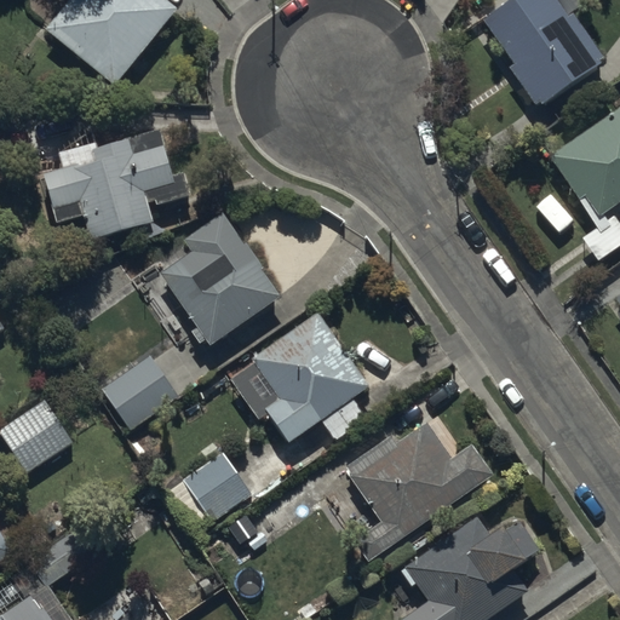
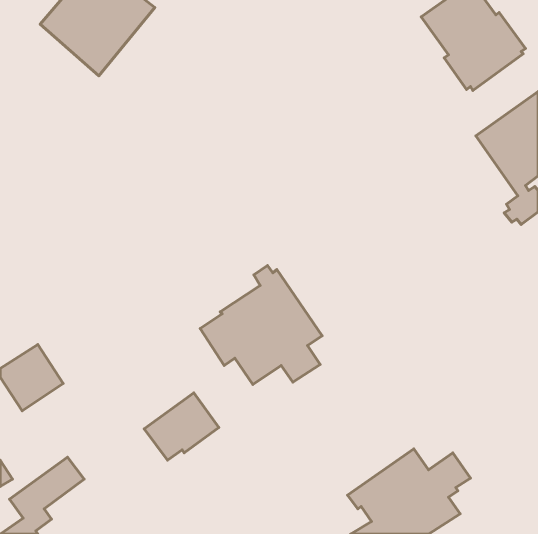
building: [42,130,191,240] -> none
building: [149,212,280,345] -> none
building: [101,352,180,430] -> none
building: [345,421,493,561] -> none

